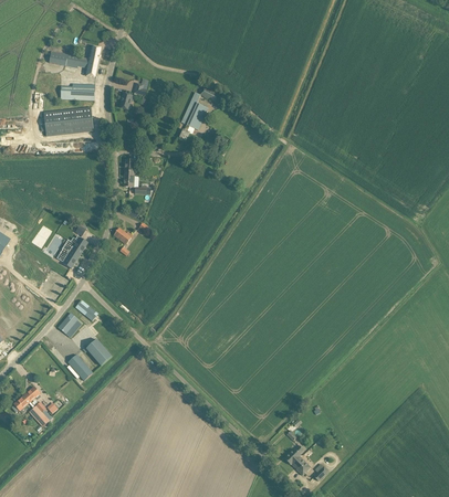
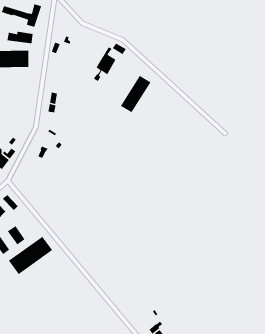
building: none -> [120,75,152,113]
building: none -> [8,236,53,275]

